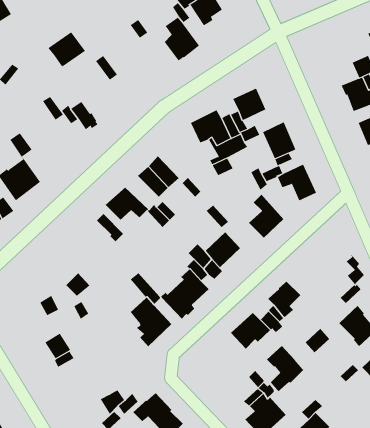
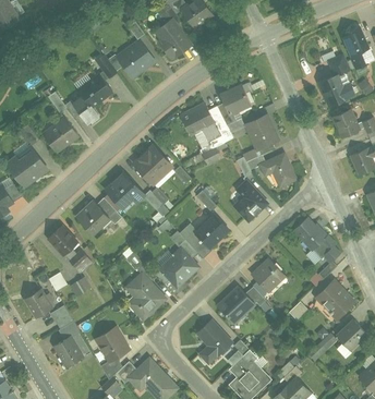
building: [47,31,86,68] -> [78,74,113,107]
building: none -> [117,40,155,77]
building: none -> [44,118,78,152]
building: none -> [76,201,110,233]
building: none -> [294,217,328,250]
building: none -> [48,226,76,262]
building: none -> [25,289,52,318]
building: [266,345,305,392] -> [197,321,232,363]
building: none -> [98,326,130,361]
building: none -> [53,336,83,367]

